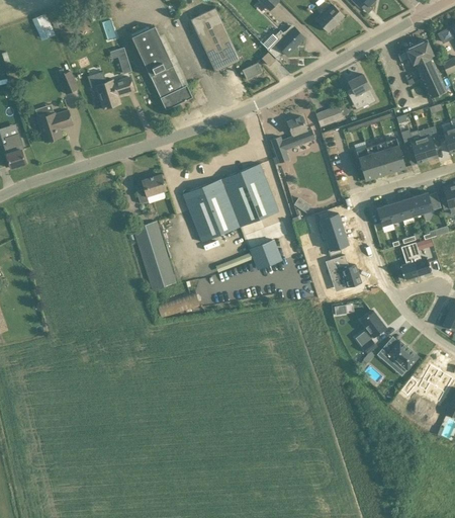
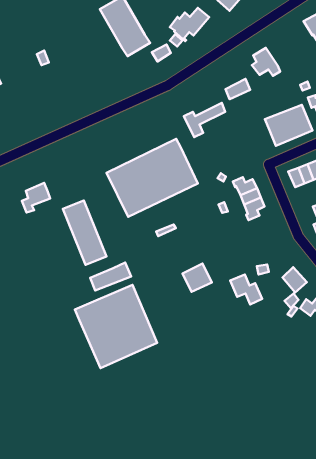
building: [131,27,192,110] -> none
building: [87,72,133,109] -> none
building: [136,174,167,204] -> [22,183,50,213]
building: [251,240,281,269] -> [183,263,212,292]
building: [329,255,361,287] -> [230,274,262,304]
building: none -> [75,285,157,368]

